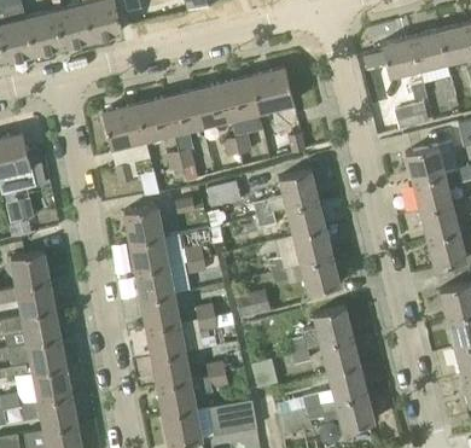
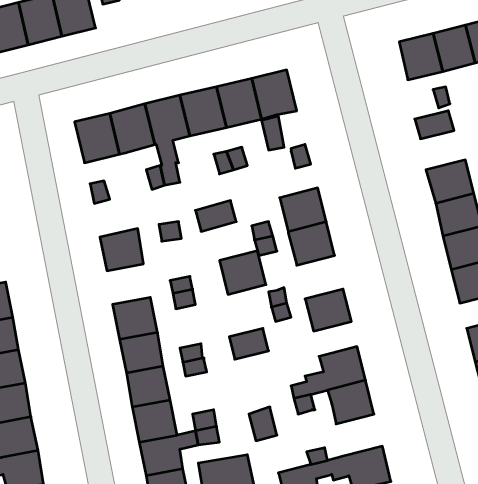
building: [293,228,333,266] -> [220,251,266,294]
building: [130,235,168,270] -> none
building: [327,365,367,401] -> none

